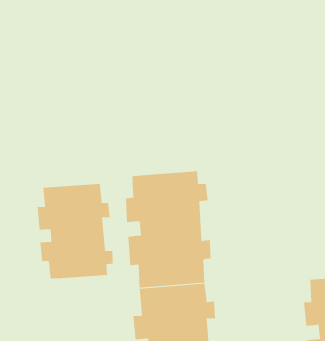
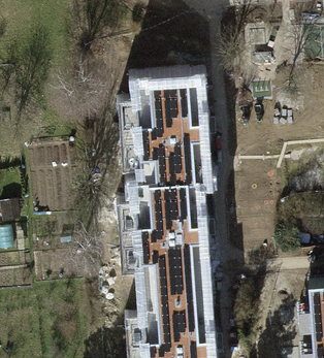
building: none -> [125,77,210,185]
building: [37,183,113,279] -> none

